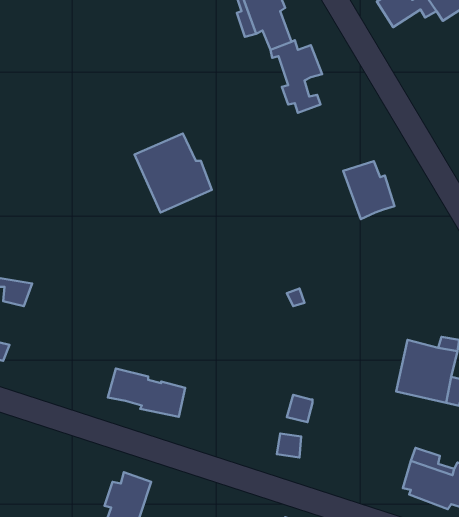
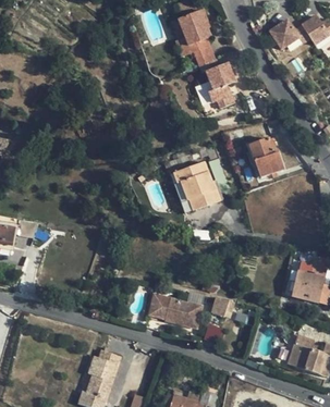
building: [135,134,212,213] -> [164,162,217,215]
building: [108,369,185,417] -> [149,293,201,325]

